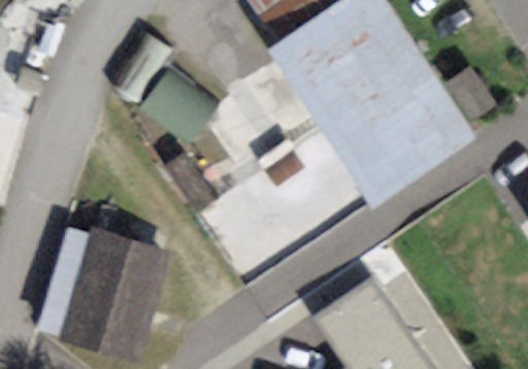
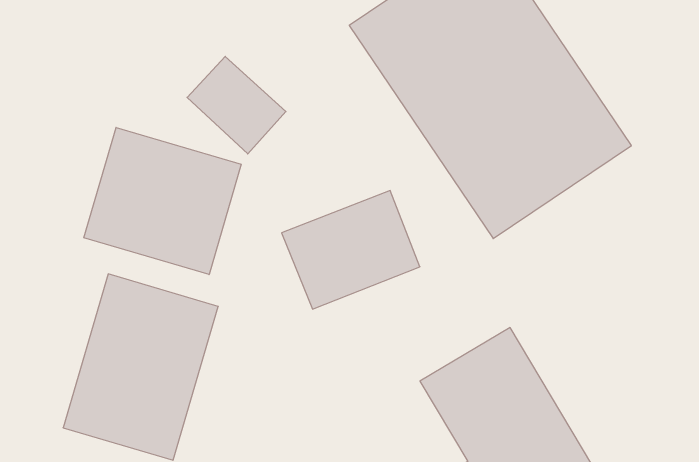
building: none -> [84,127,241,275]

